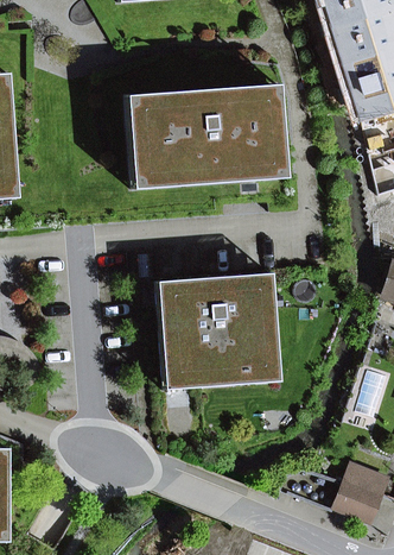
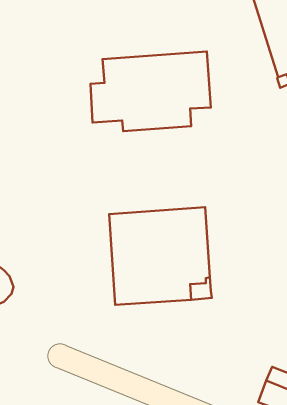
building: [125,83,285,188] -> none

